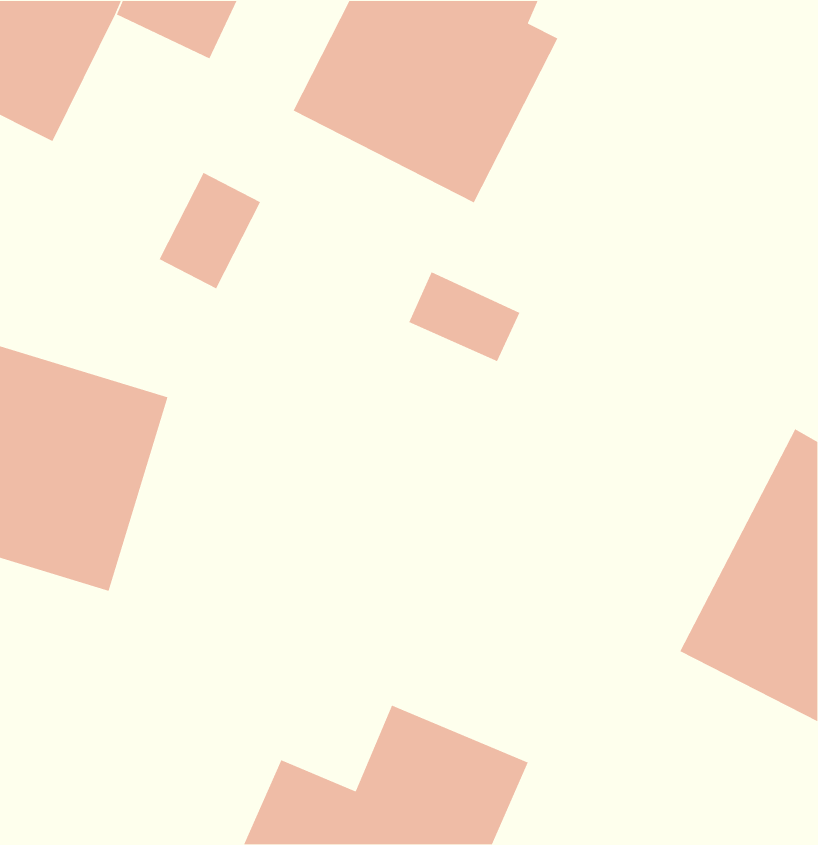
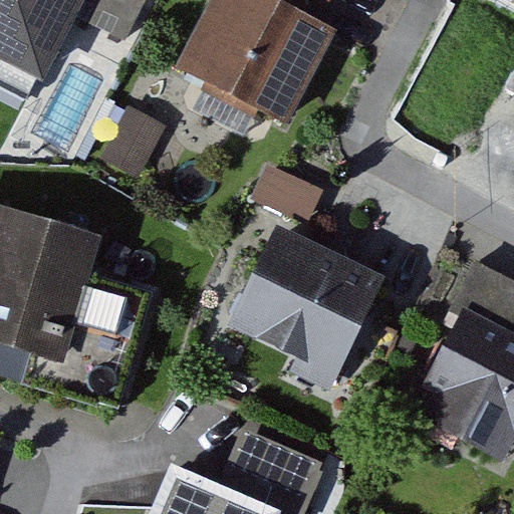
building: none -> [225,223,391,389]

